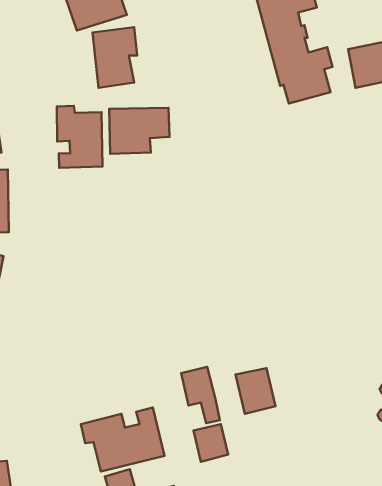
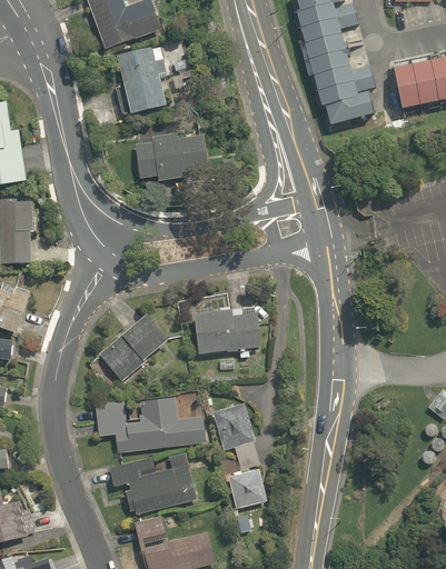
building: [57,106,103,168] -> none
building: none -> [190,306,257,353]
building: none -> [98,315,166,380]
building: none -> [92,393,204,453]
building: [235,368,275,414] -> none

